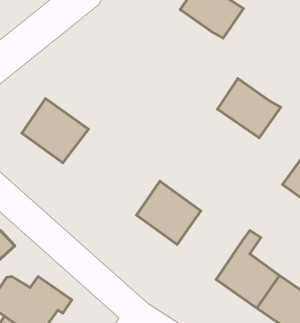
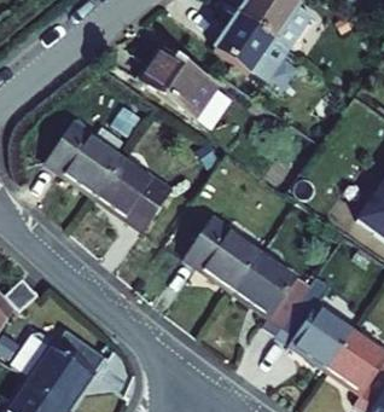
building: none -> [140,51,211,116]
building: [217,78,281,138] -> [213,14,287,85]
building: none -> [98,156,175,230]
building: none -> [233,253,310,333]

